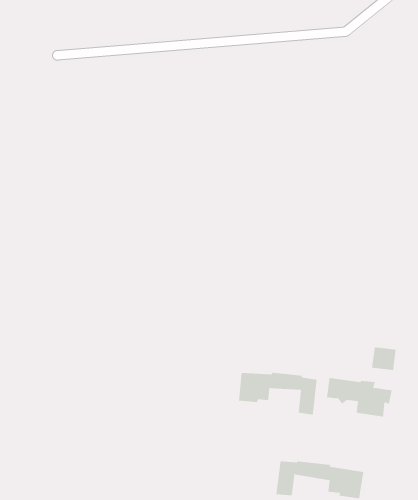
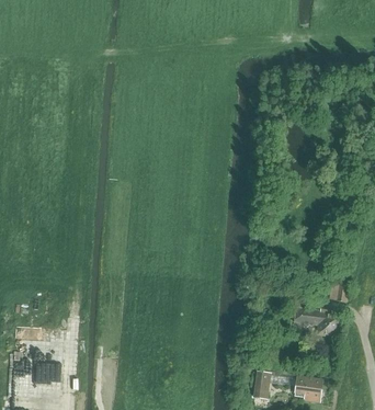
building: [239,372,317,415] -> none

